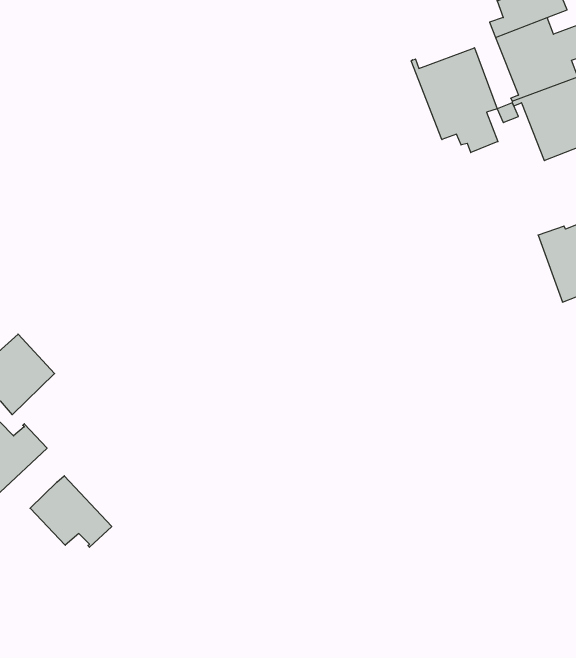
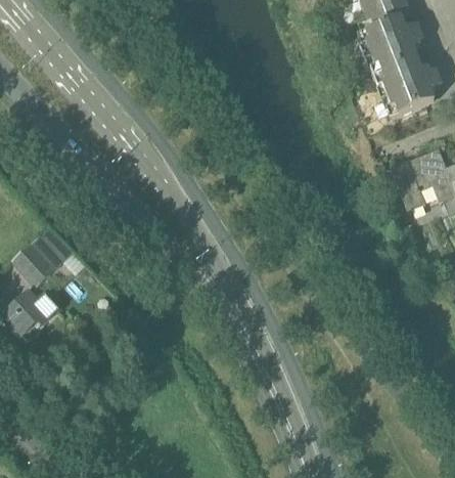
building: [411,48,498,153] -> none
building: [30,476,112,547] -> none

